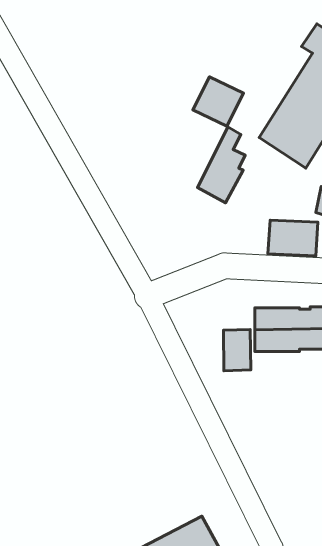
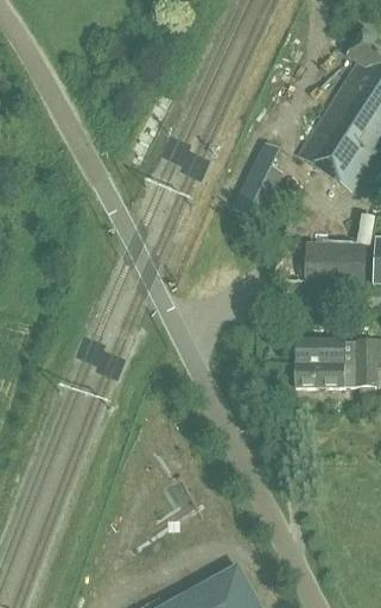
building: [193,77,243,126] -> none
building: [223,329,251,371] -> none

